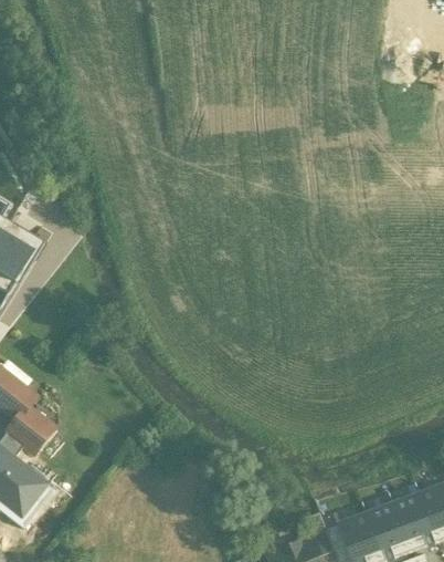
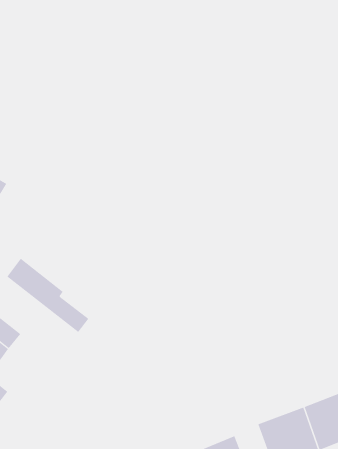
building: none -> [7,258,89,333]

